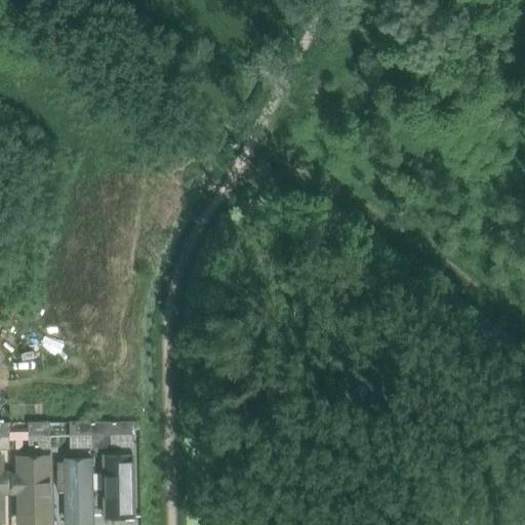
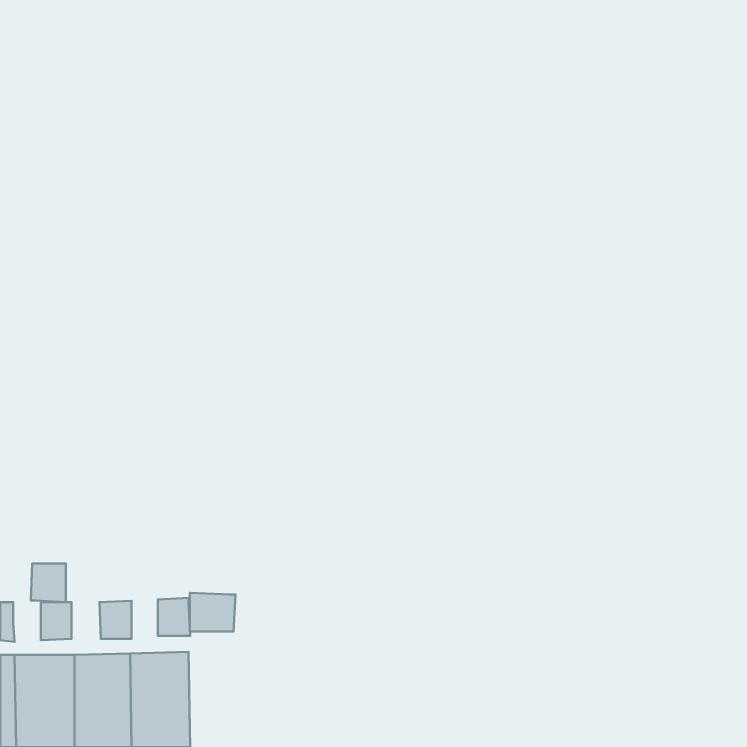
building: none -> [31,564,66,602]
building: none -> [190,593,235,631]

